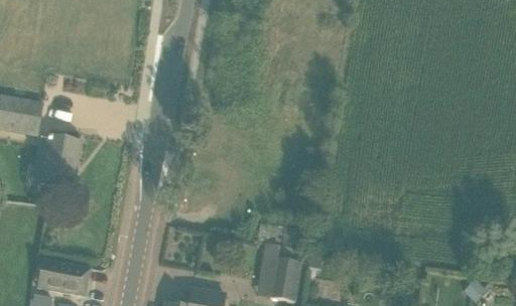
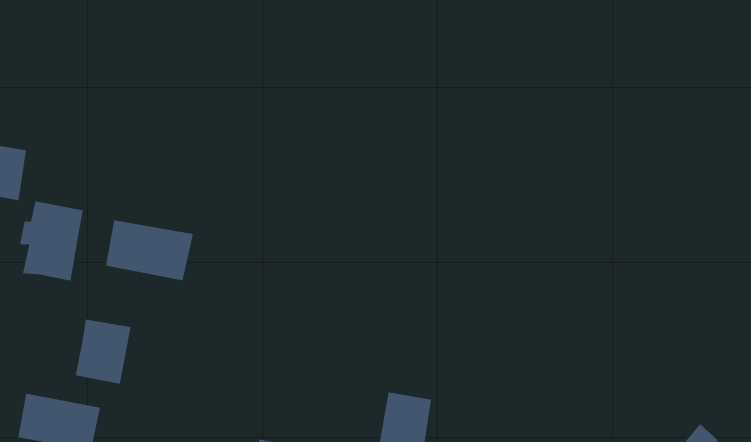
building: none -> [106,219,193,281]
building: none -> [75,319,131,385]

